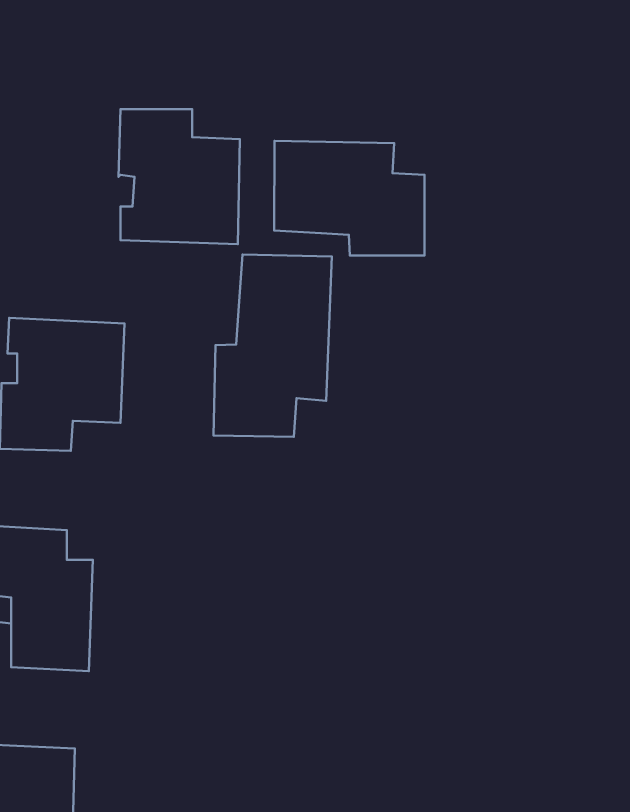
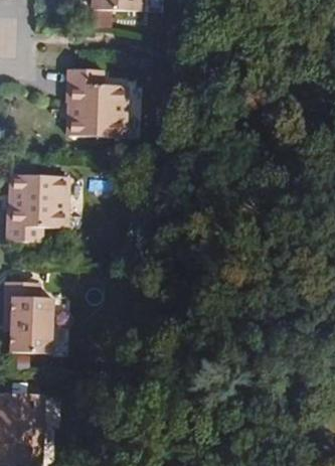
building: [274,141,425,256] -> none
building: [213,254,332,437] -> none

